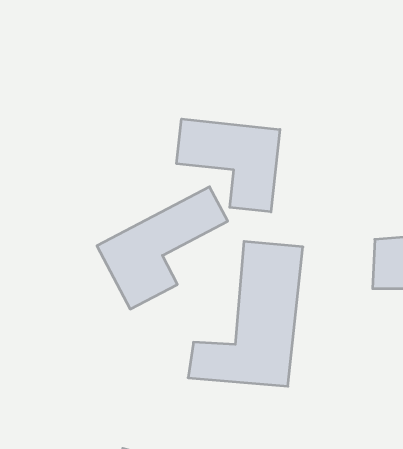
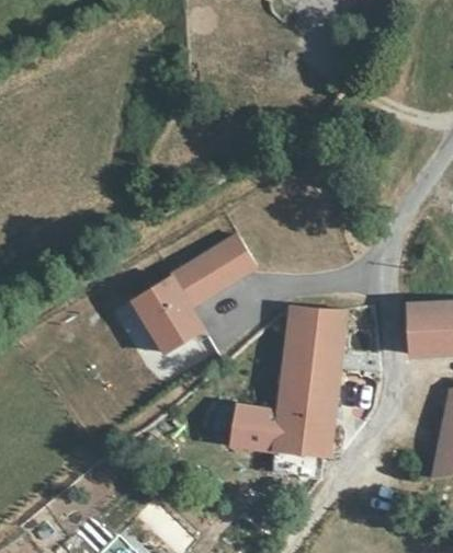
building: [177,119,280,212] -> none

